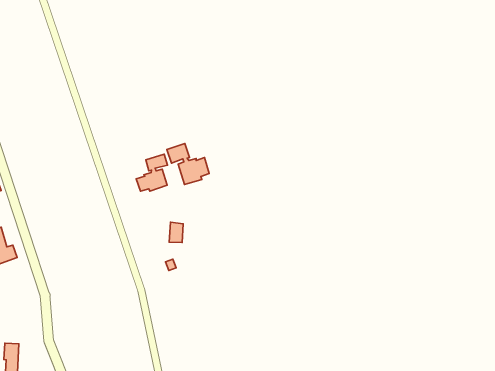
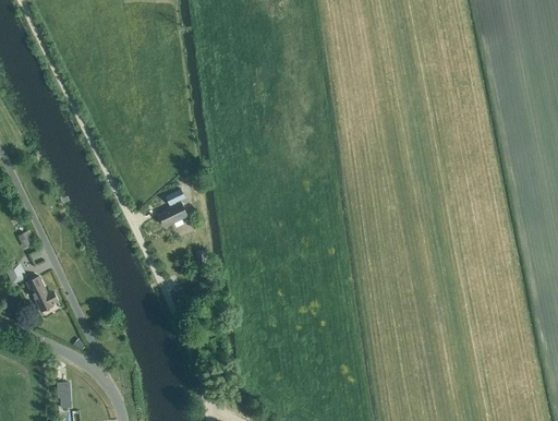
building: [167,144,209,184] -> none

